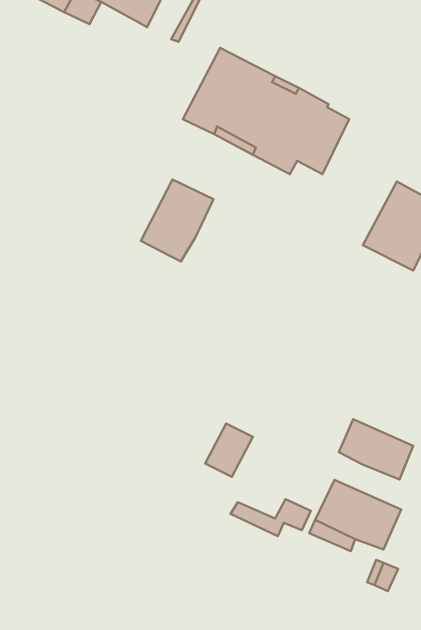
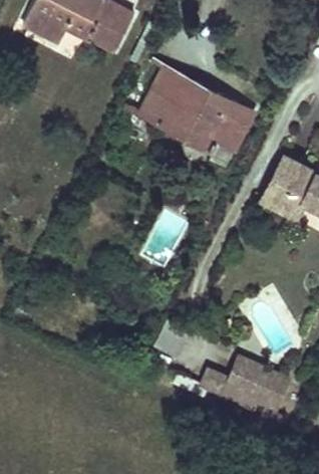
building: [141,180,214,261] -> none
building: [339,419,413,480] -> none

